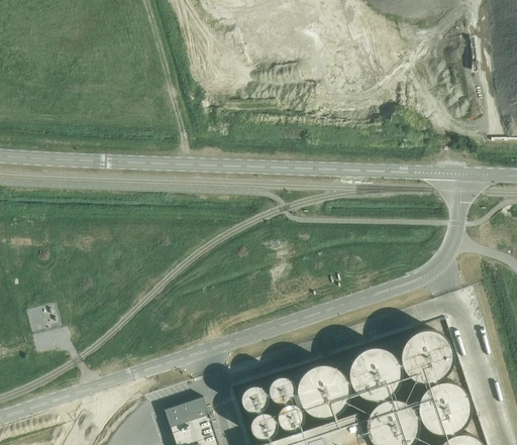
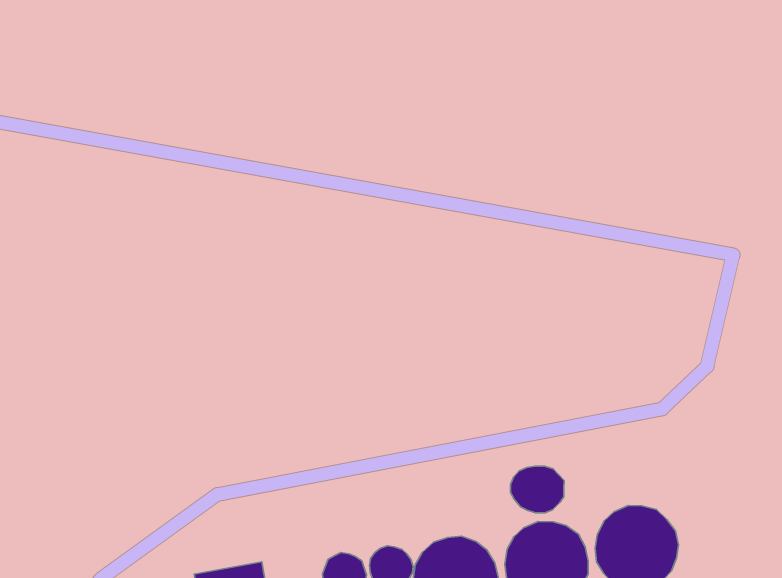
building: none -> [511,466,564,513]

